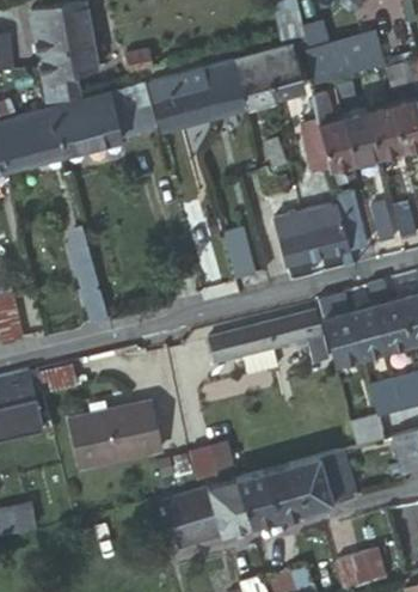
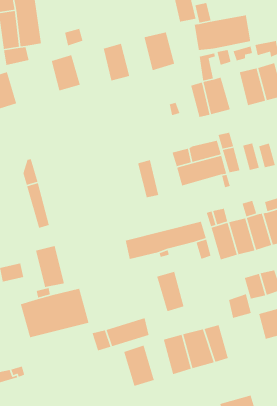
building: [266,45,306,98] -> none
building: [205,61,247,115] -> none
building: [152,77,191,129] -> none
building: [51,93,122,152] -> none
building: [340,109,376,160] -> none
building: none -> [35,245,65,288]
building: [236,471,275,527] -> [156,271,184,312]
building: [160,488,222,550] -> none

